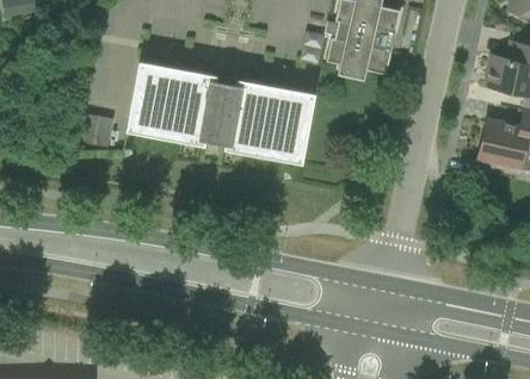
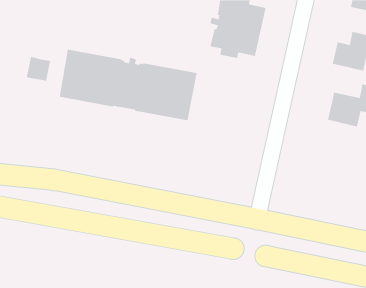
building: [80,113,113,147] -> [26,56,52,82]

